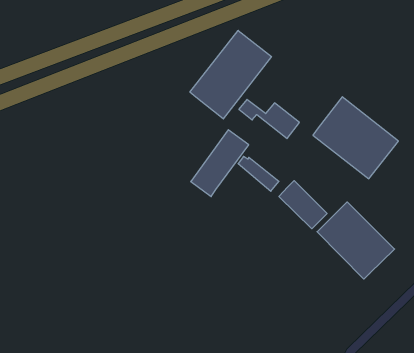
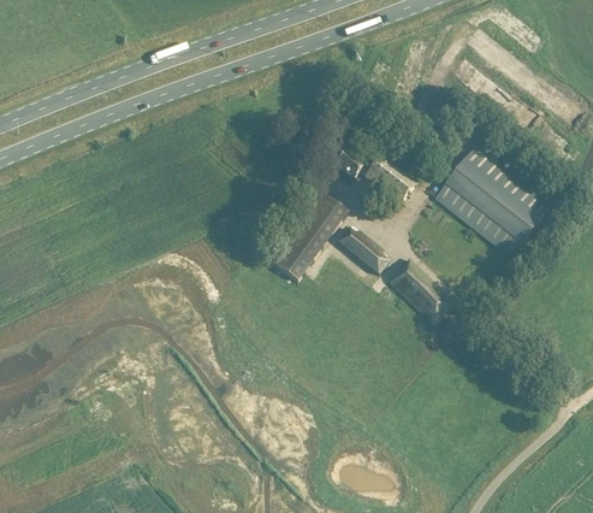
building: [190,30,271,119] -> none
building: [317,202,395,279] -> none

